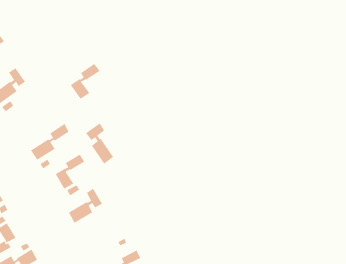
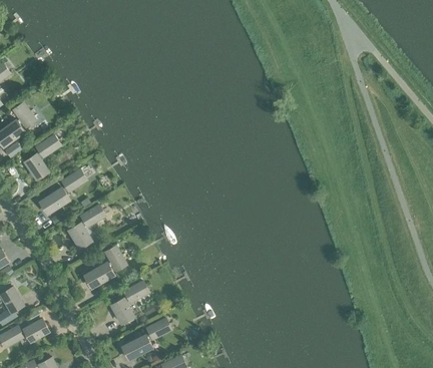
building: [70,63,100,100] -> [24,135,60,178]
building: [85,123,114,164] -> none
building: none -> [110,282,148,323]

